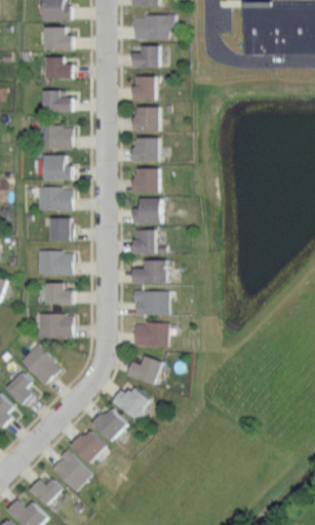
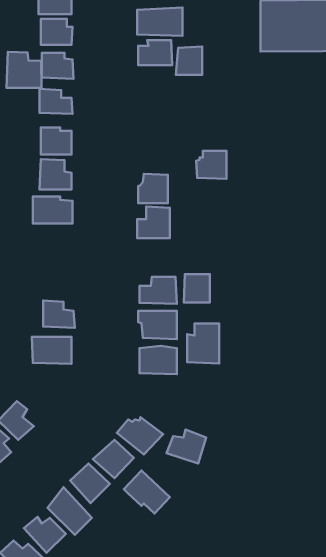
building: none -> [7,52,42,88]
building: [132,76,156,102] -> [176,47,202,75]
building: [133,106,160,132] -> none
building: [131,136,159,162] -> [196,151,227,179]
building: [49,217,71,243] -> none
building: [132,229,156,254] -> [184,274,210,303]
building: [36,250,72,277] -> none
building: none -> [187,323,219,364]
building: [18,345,63,387] -> none
building: [127,355,163,386] -> [166,429,206,463]
building: none -> [124,470,170,513]

